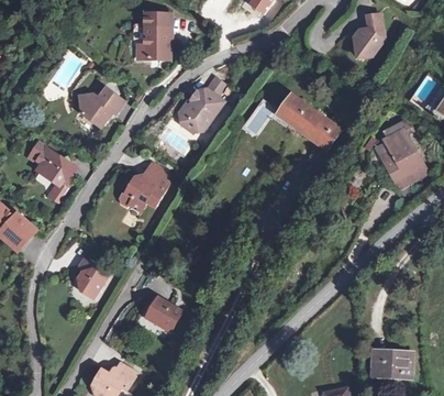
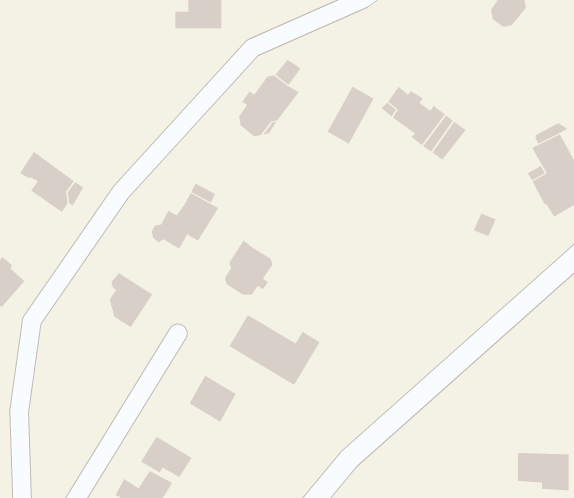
building: [79,87,123,125] -> none
building: none -> [224,239,273,295]
building: none -> [229,314,320,386]
building: [77,258,108,297] -> [109,272,153,328]
building: none -> [140,436,193,478]

